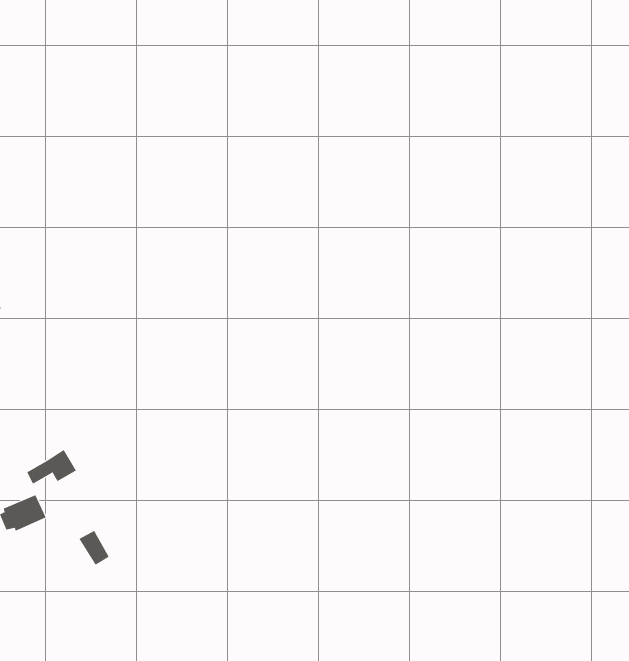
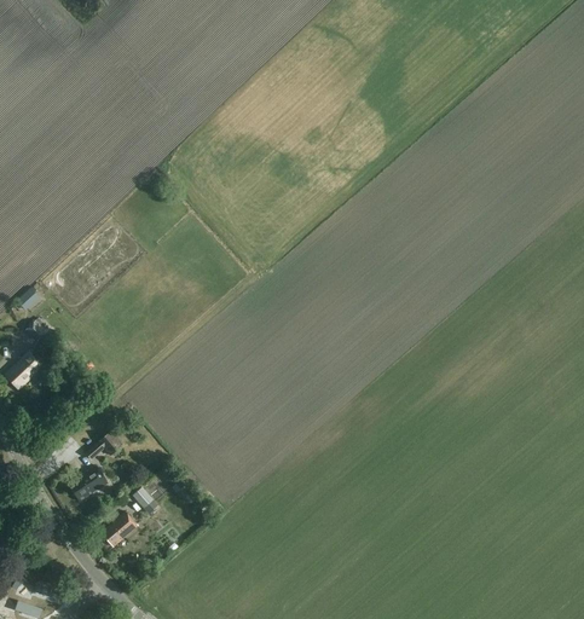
building: none -> [102,513,138,546]

